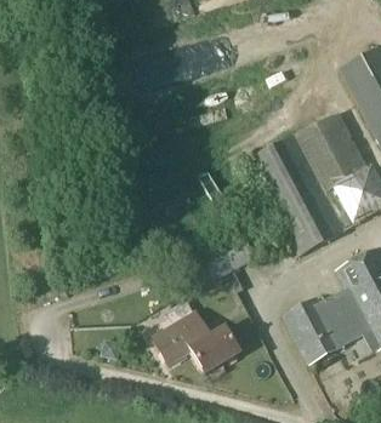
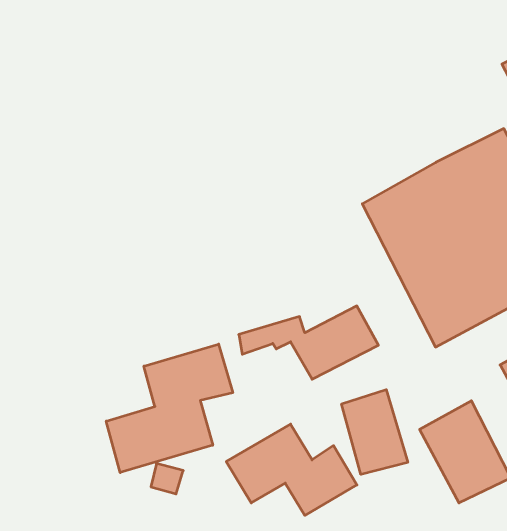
building: none -> [106,344,233,473]
building: none -> [342,390,408,474]

